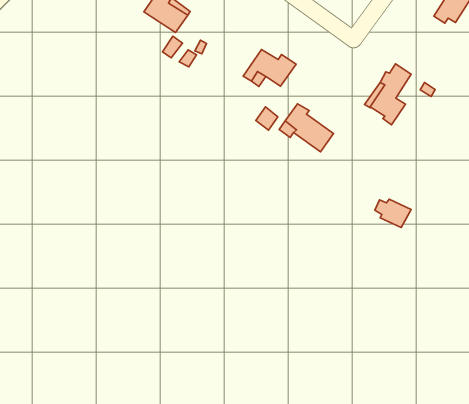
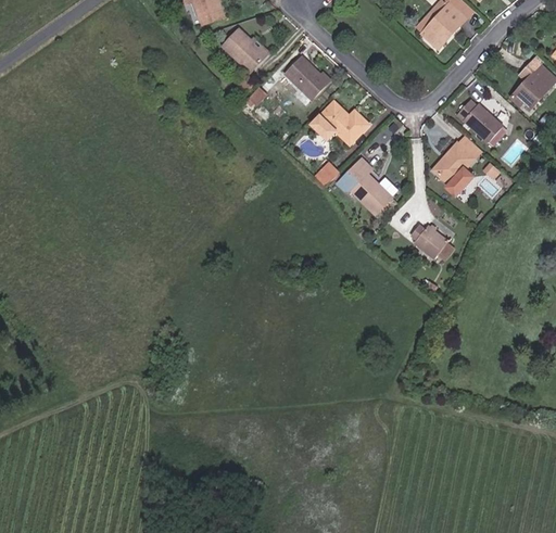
building: none -> [286,56,330,98]
building: none -> [459,104,503,143]
building: [375,199,411,227] -> [409,225,446,256]

